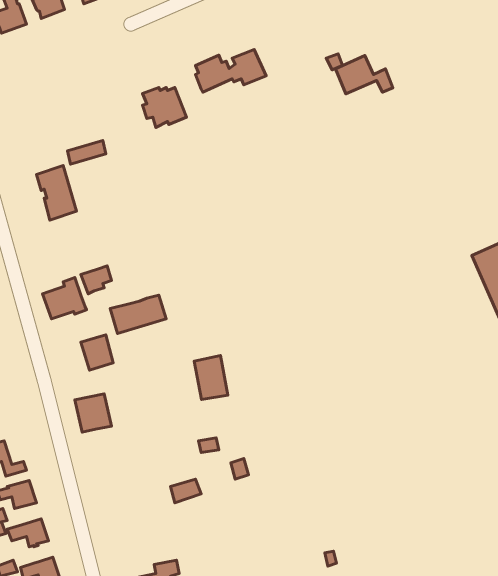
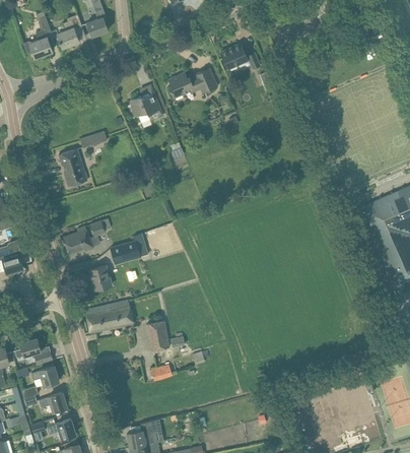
building: [335,55,393,94] -> [220,43,260,69]
building: [194,355,228,399] -> [146,320,169,350]
building: none -> [106,301,133,328]

